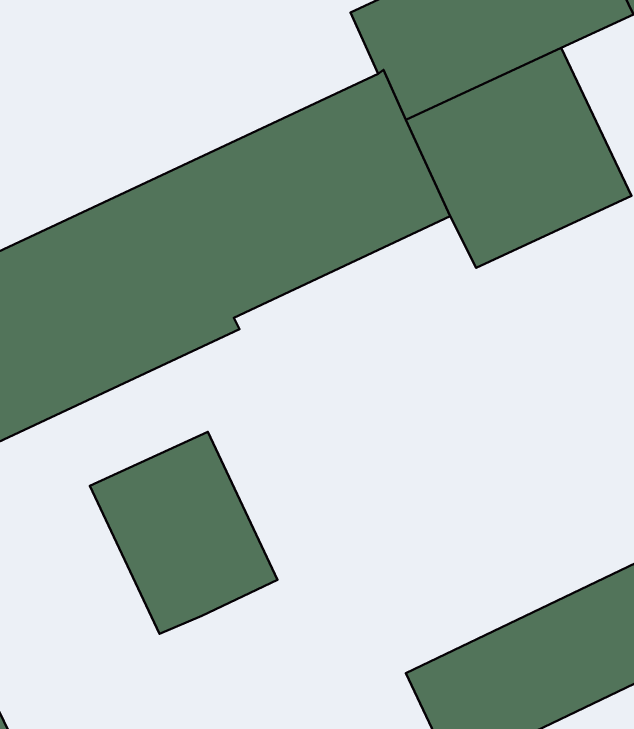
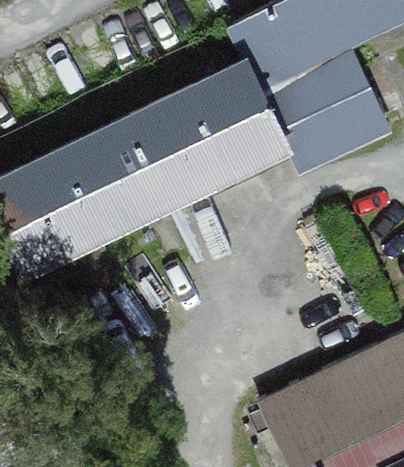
building: [90,432,278,634] -> none

